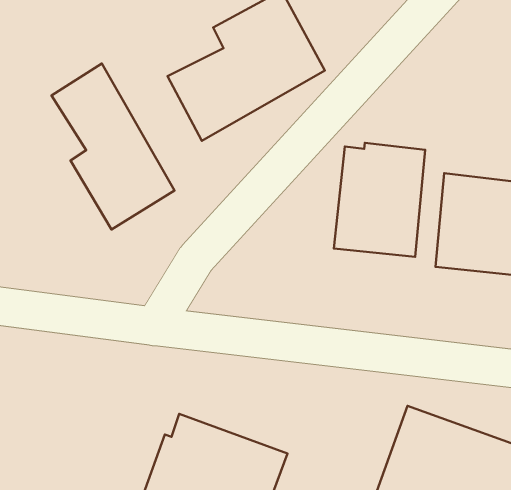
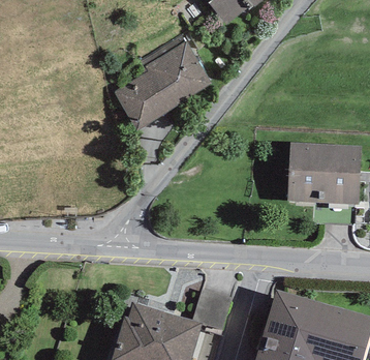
building: [51,64,174,229] -> none
building: [334,143,425,257] -> none

